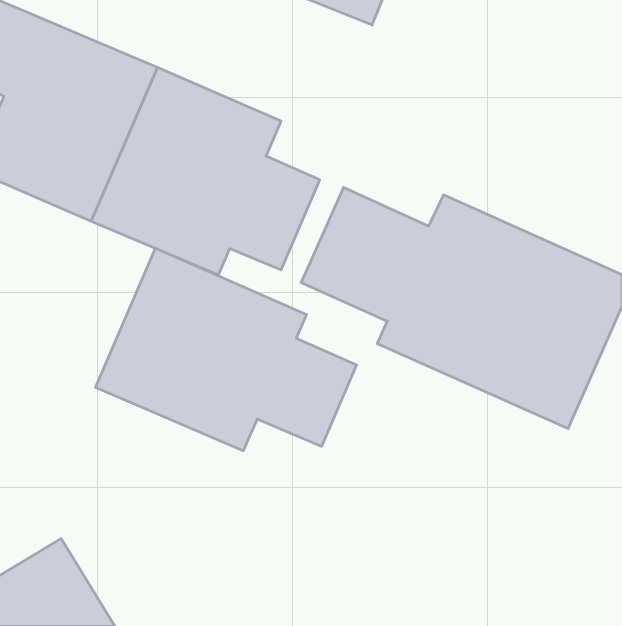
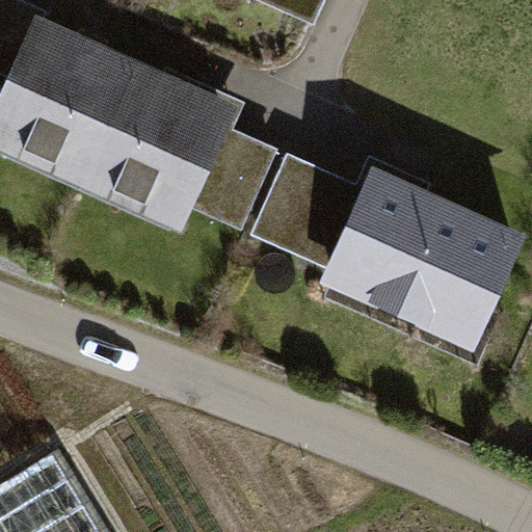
building: [96,248,357,451] -> none

